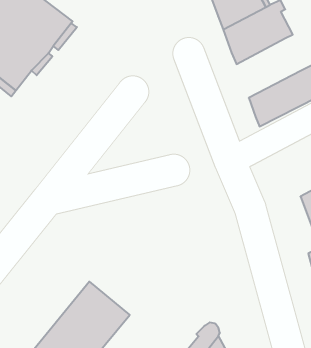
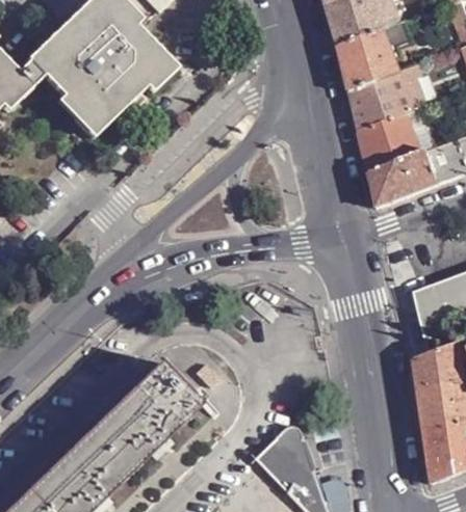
building: none -> [358,109,431,172]

